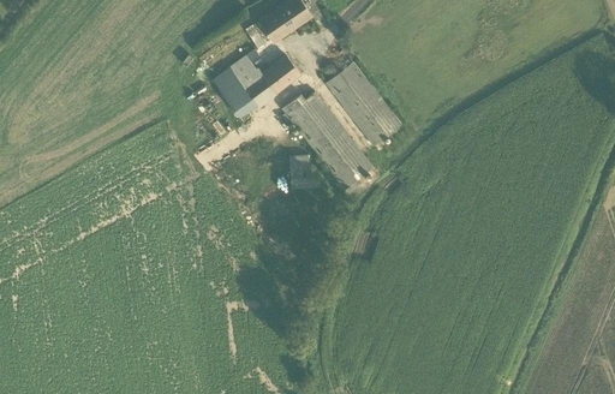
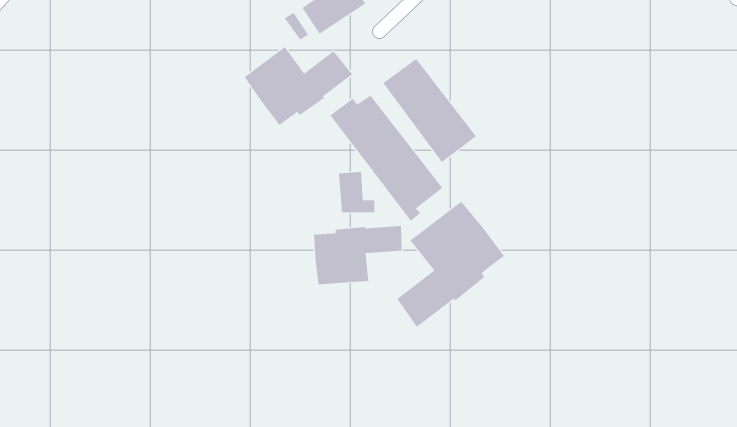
building: none -> [396,201,505,328]
building: none -> [314,225,402,285]

